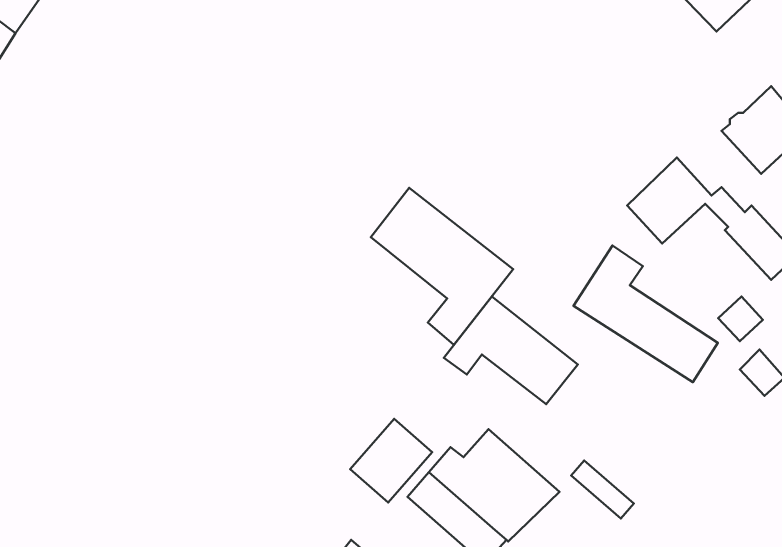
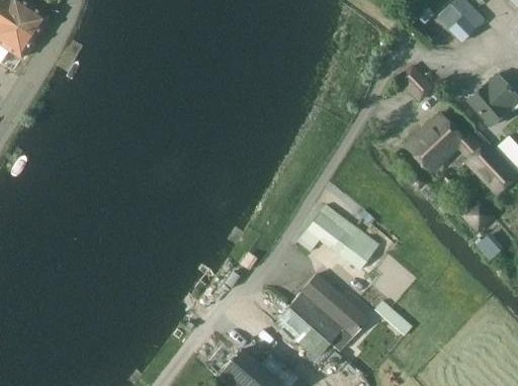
building: none -> [400,66,432,99]
building: [371,188,513,345] -> none
building: [574,245,718,382] -> none
building: [350,419,432,502] -> none

